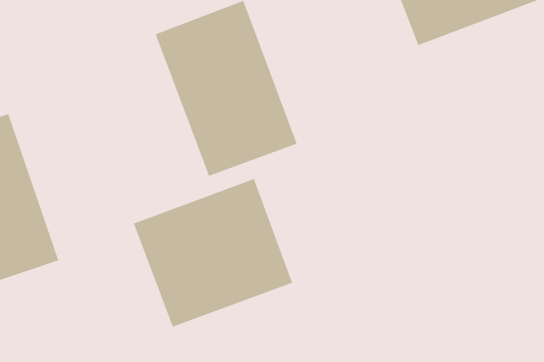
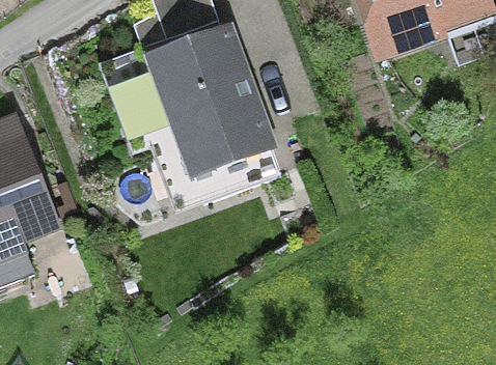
building: [133,178,293,328] -> none

